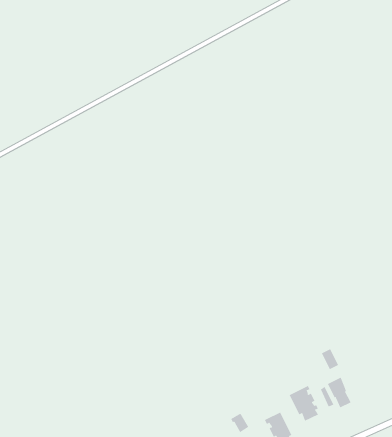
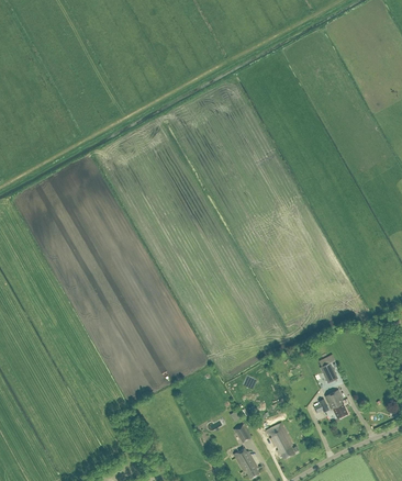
building: [289,385,319,422] -> none

